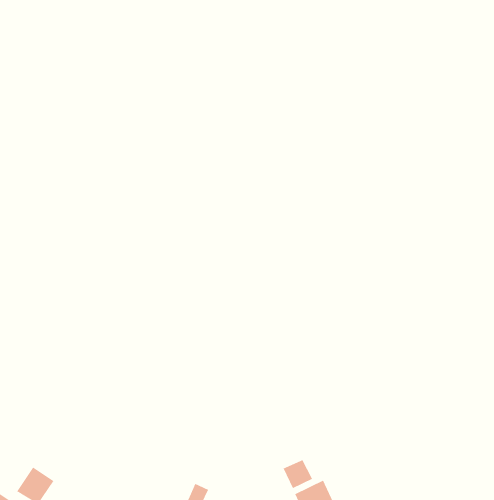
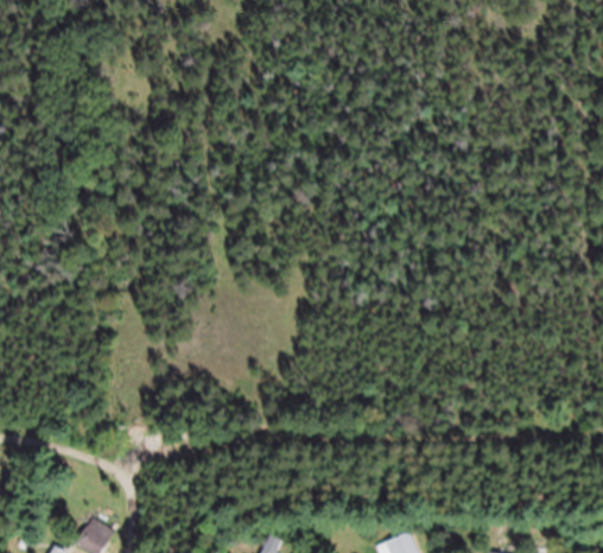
building: [282,459,313,489] -> none

